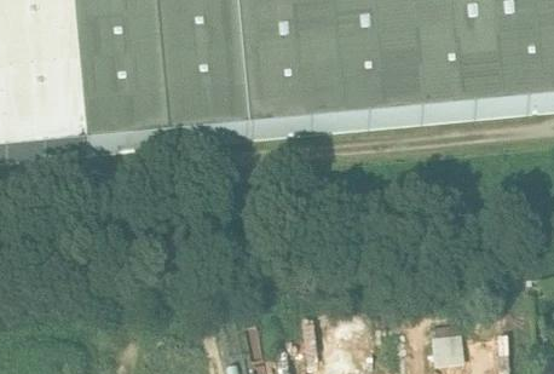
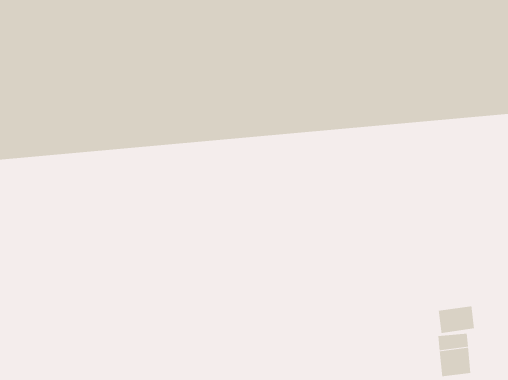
building: none -> [438,306,475,334]

